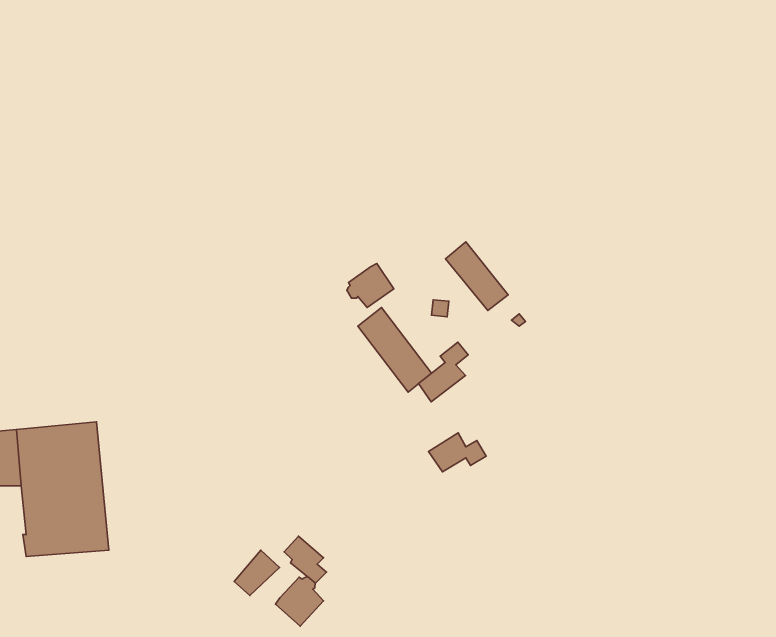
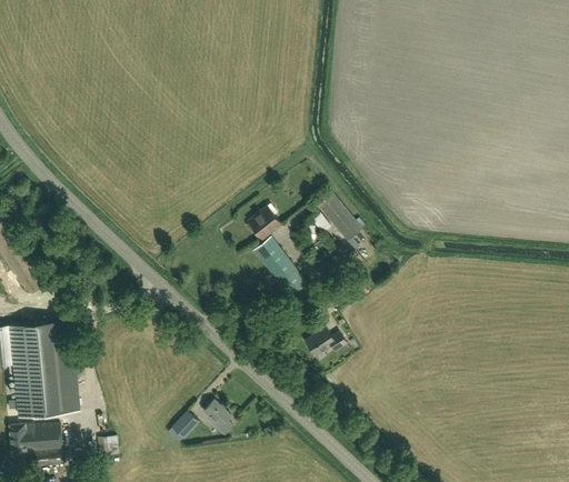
building: [419,342,468,402] -> none
building: none -> [8,424,62,468]
building: [276,577,323,626] -> none

